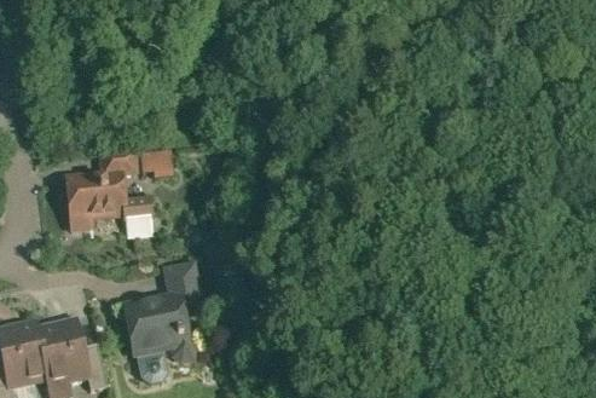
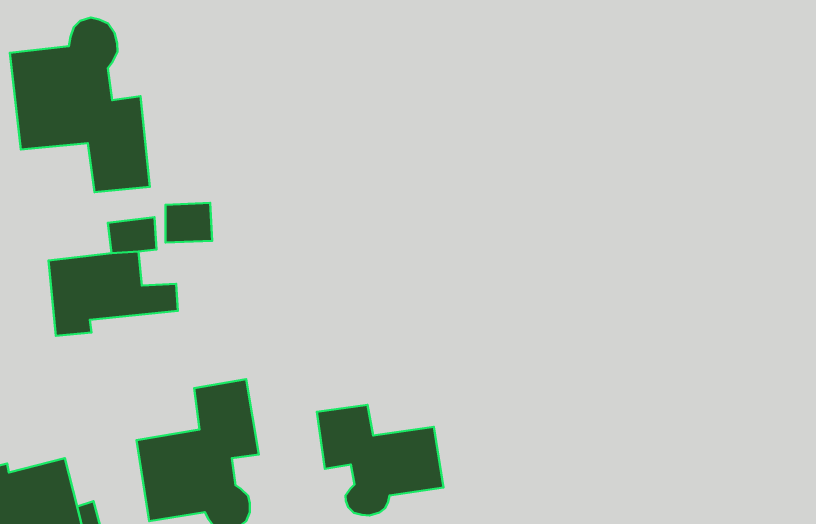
building: none -> [10,18,150,192]
building: none -> [317,405,443,515]

